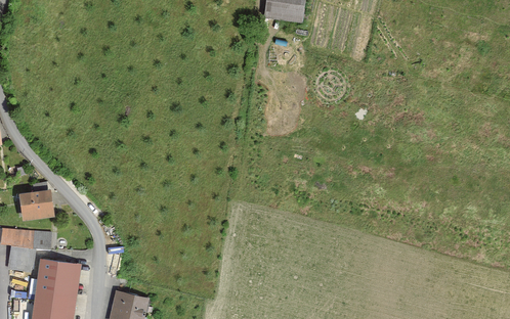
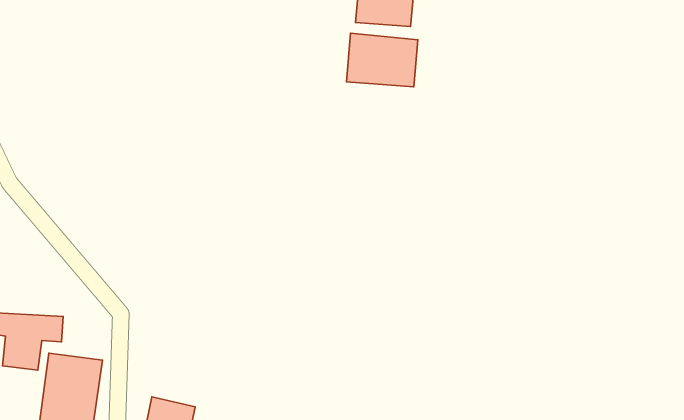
building: none -> [346,33,418,87]
building: [18,191,55,219] -> none

